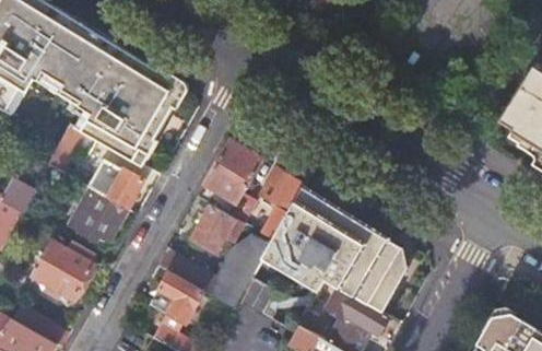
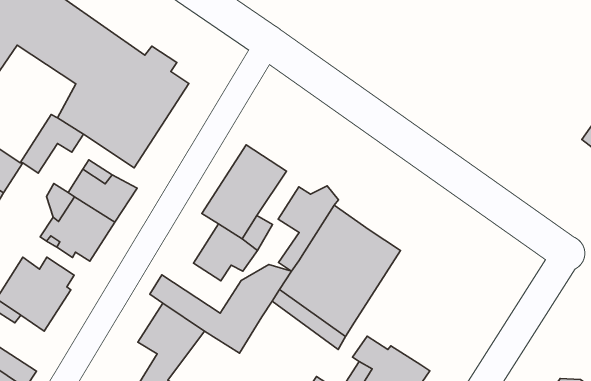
building: [326,219,409,311] -> none

